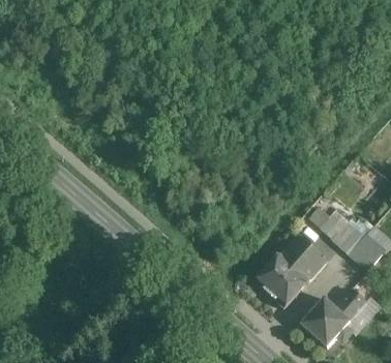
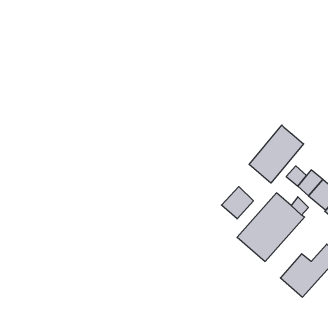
building: none -> [249,125,304,183]
building: none -> [221,187,253,219]

